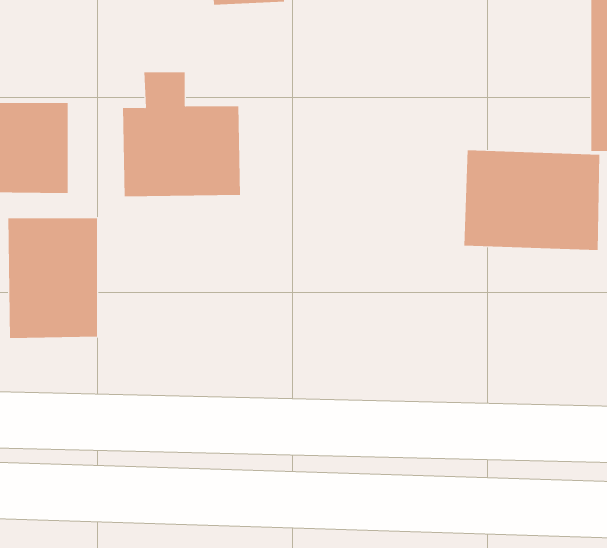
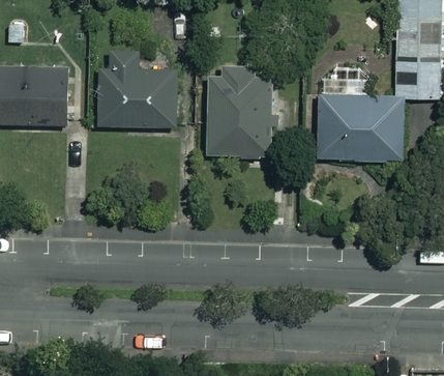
building: none -> [205,79,271,156]
building: [8,218,98,339] -> none

